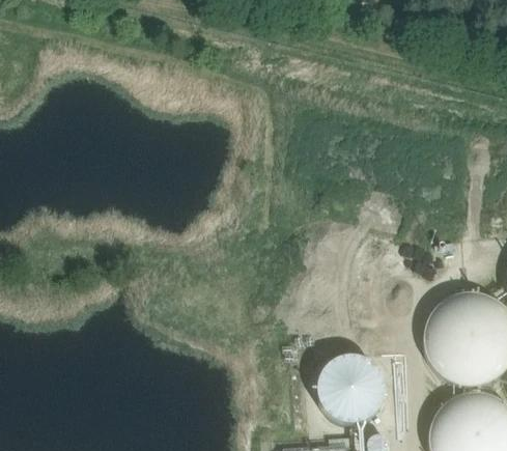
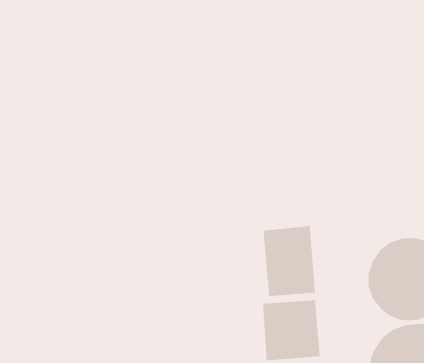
building: none -> [263,225,316,297]

